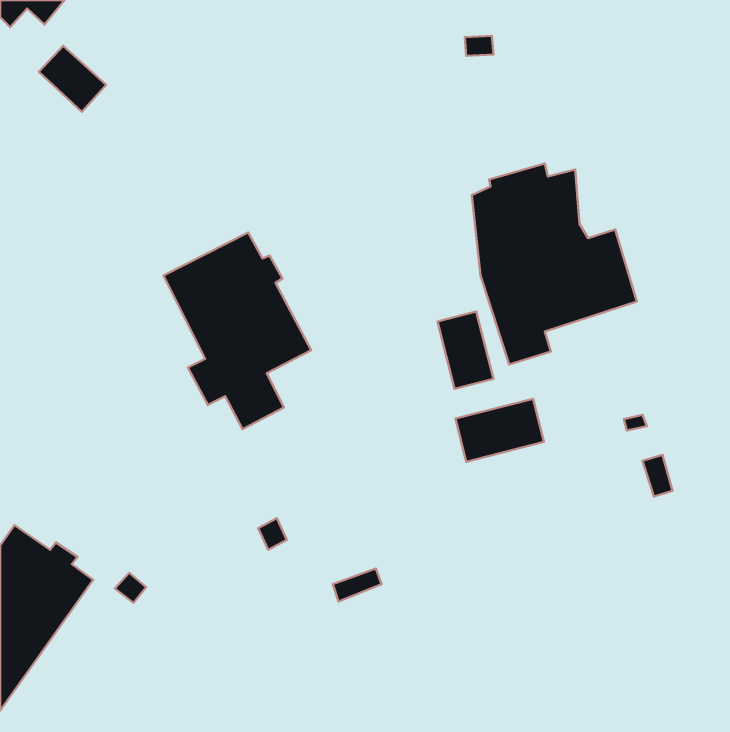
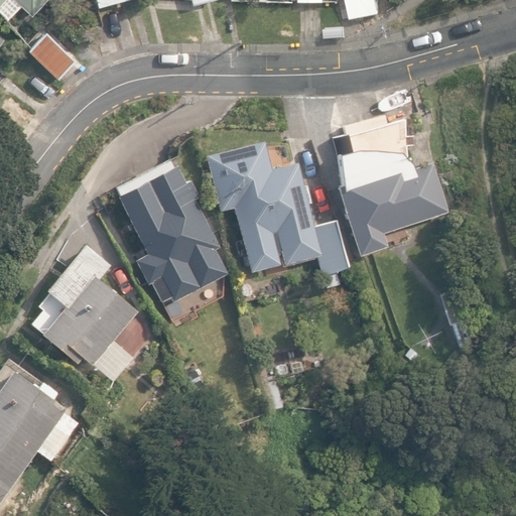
building: none -> [212,159,331,271]
building: none -> [41,244,137,374]
building: [455,399,544,462] -> none

